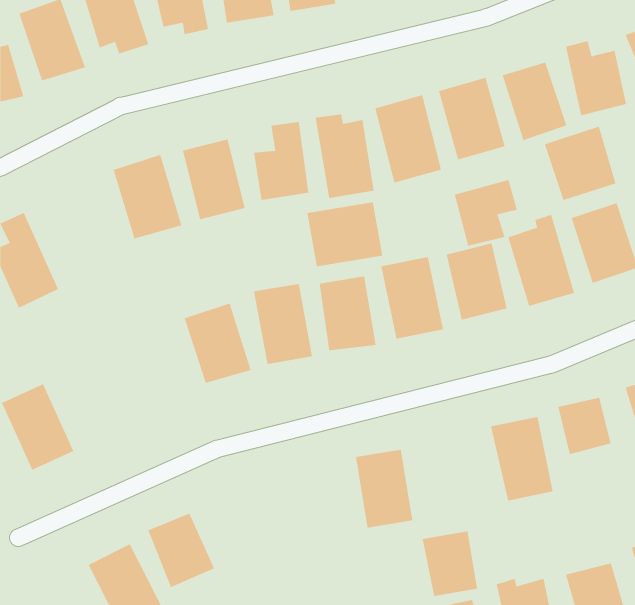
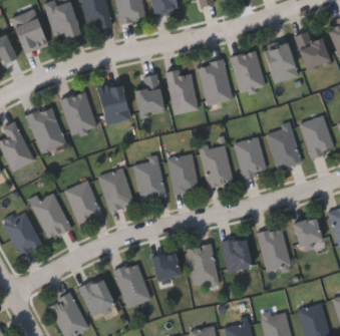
building: [544,126,616,201] -> none
building: [454,179,517,246] -> none
building: none -> [27,105,65,152]
building: [307,201,383,267] -> none
building: none -> [64,180,102,224]
building: none -> [32,193,70,239]
building: none -> [151,252,180,280]
building: none -> [114,262,150,307]
building: [422,531,478,597] -> [222,237,251,271]

